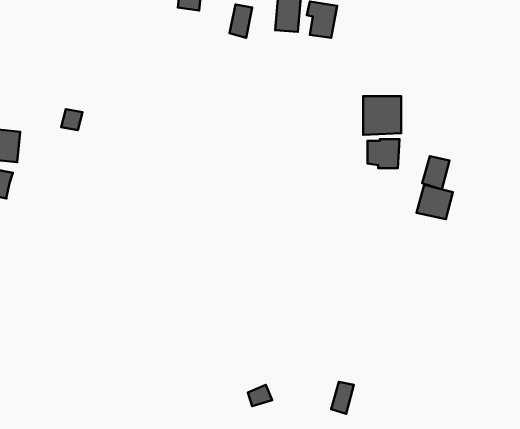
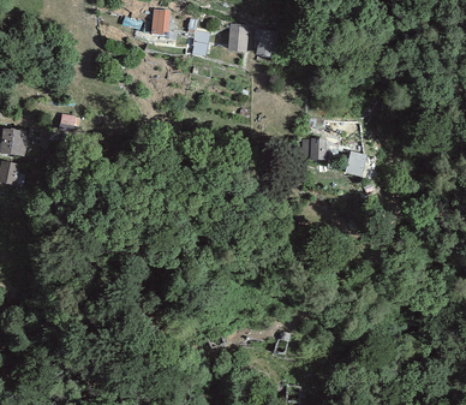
building: [363,96,401,135] -> none
building: [417,185,453,219] -> none

